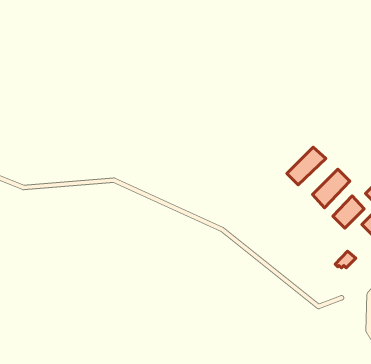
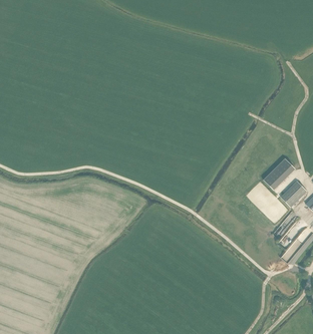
building: [287,147,326,185] -> none

